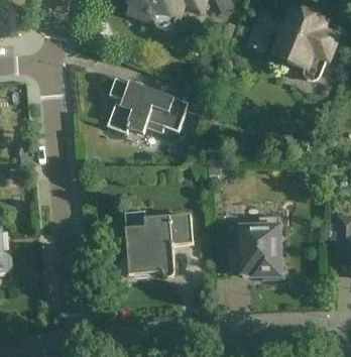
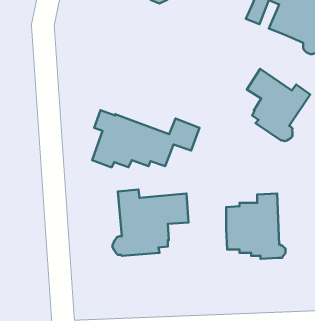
building: [108,78,212,133] -> [92,110,199,167]
building: none -> [247,69,310,141]

